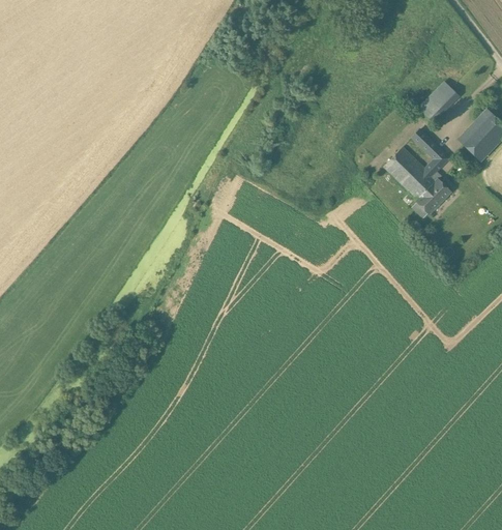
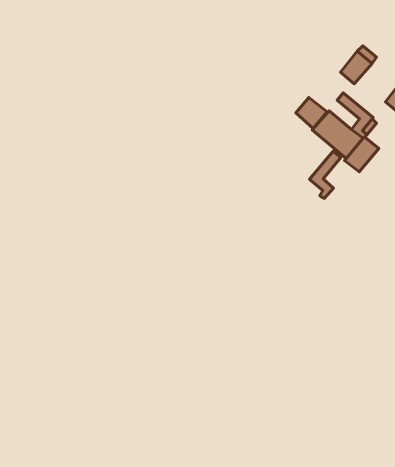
building: none -> [296,97,327,129]
building: none -> [309,151,341,198]

